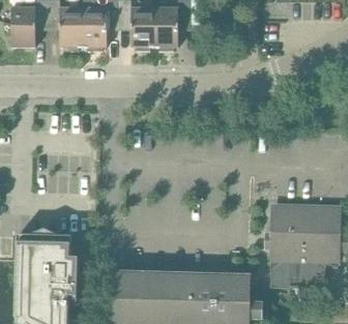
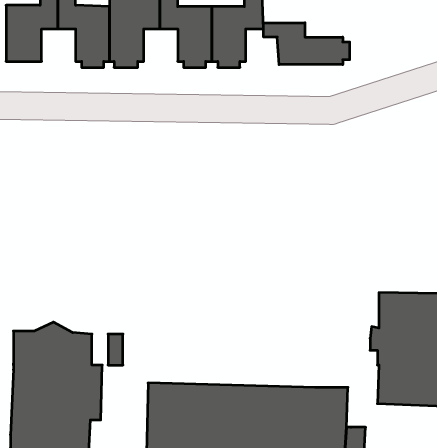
building: none -> [264,23,350,65]

